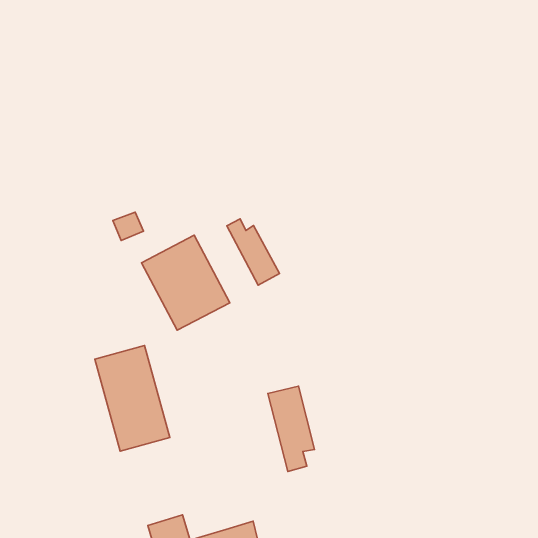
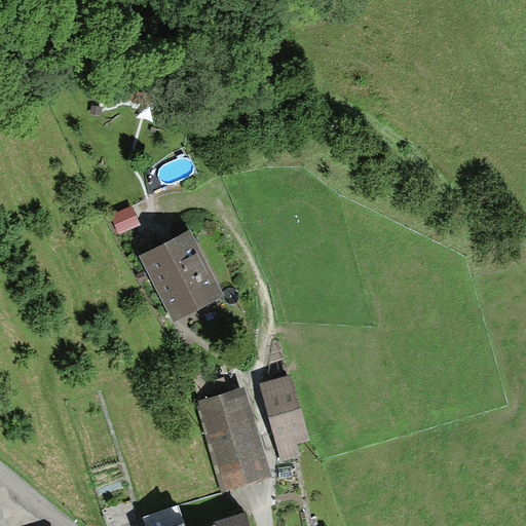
building: [227,219,279,285] -> none
building: [95,346,170,451] -> [195,388,268,491]

